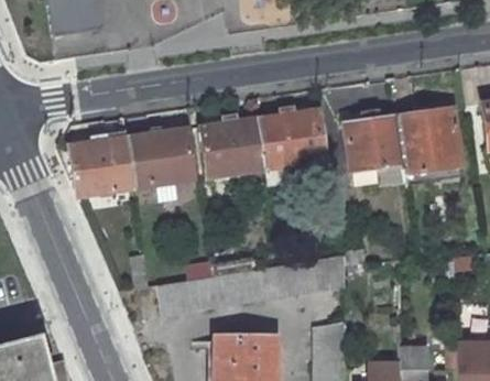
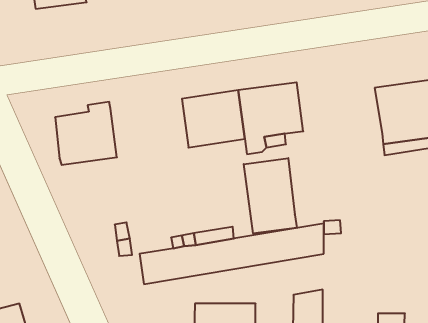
building: [345,115,405,168] -> none
building: [129,127,194,199] -> none
building: none -> [244,158,297,234]

